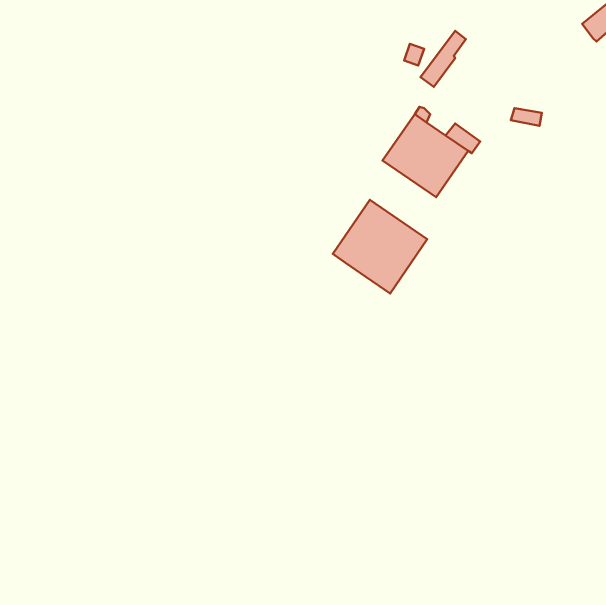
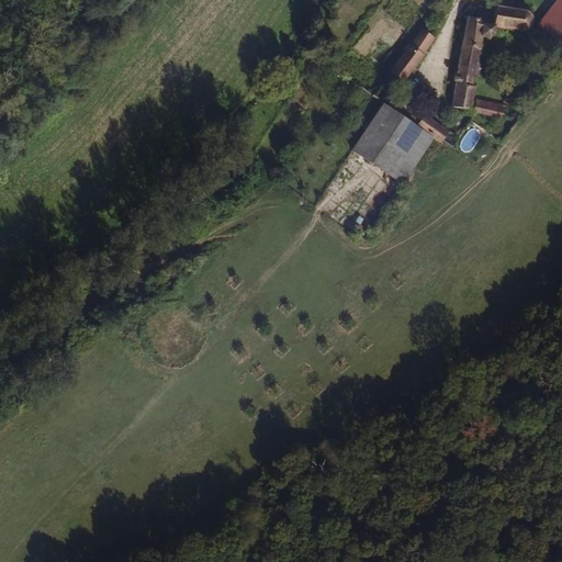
building: none -> [450,4,533,110]
building: [333,200,427,293] -> none

